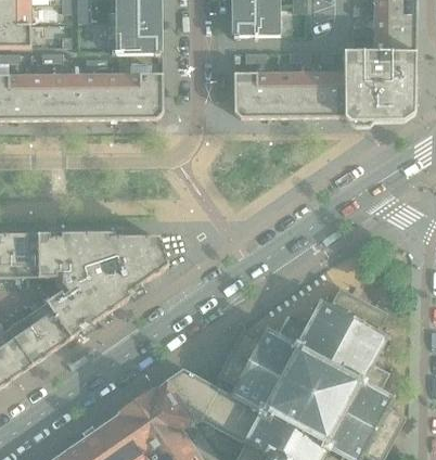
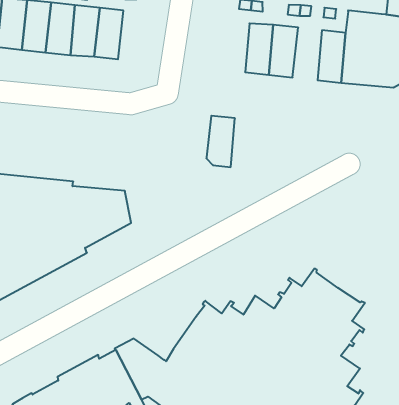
building: [298,71,321,116] -> none
building: [139,72,162,117] -> none
building: [232,72,255,116] -> [206,116,235,167]

